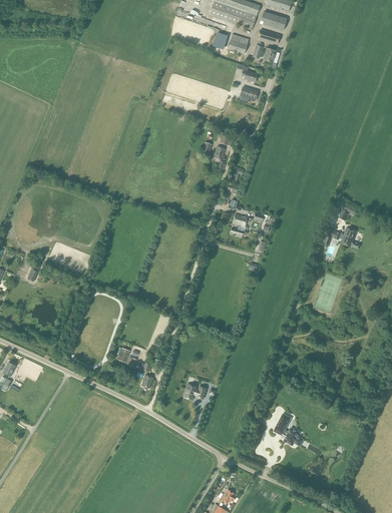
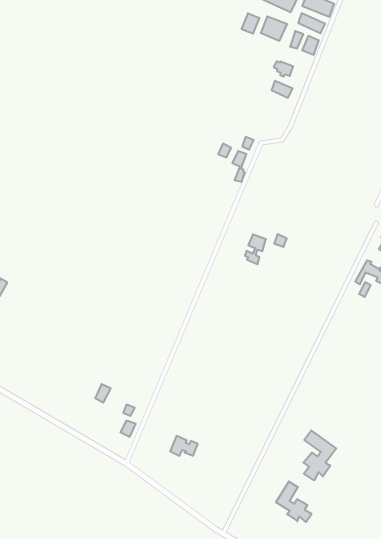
building: none -> [303,430,336,480]

